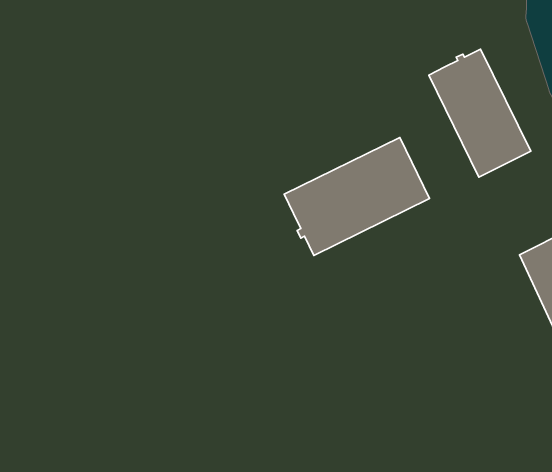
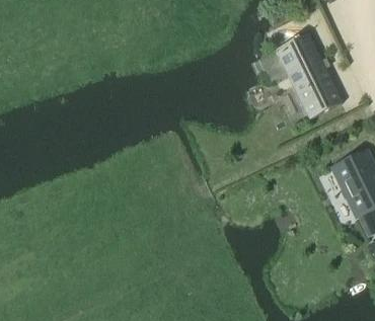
building: [284,137,429,255] -> none

